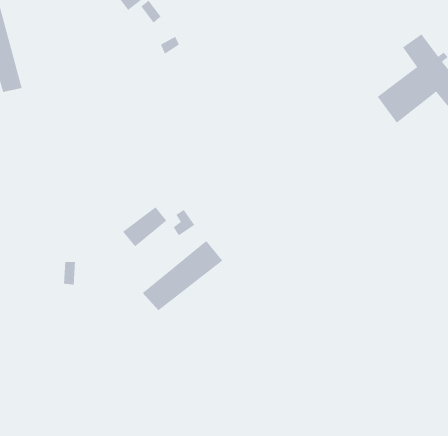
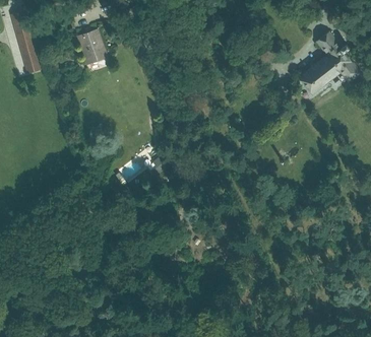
building: none -> [76,27,108,64]
building: [142,240,223,311] -> none

